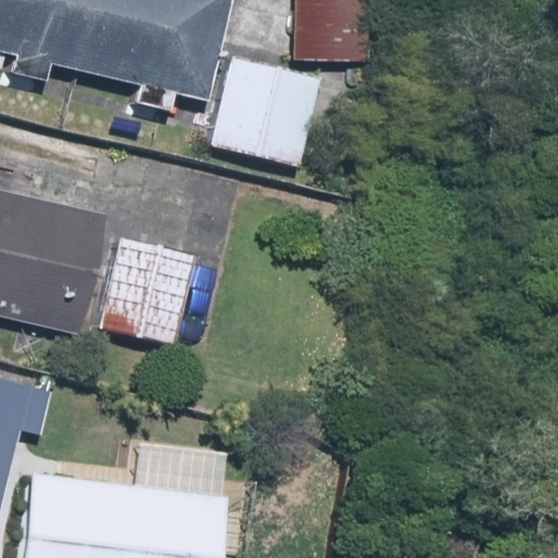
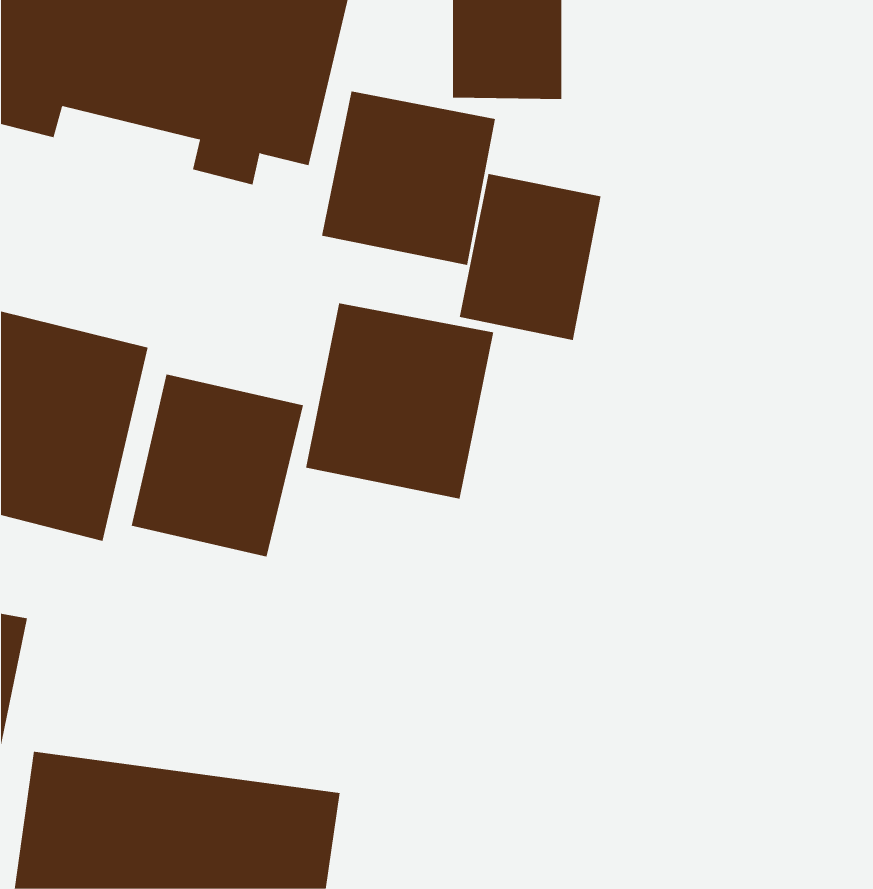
building: none -> [459,173,601,341]
building: none -> [306,303,494,499]

